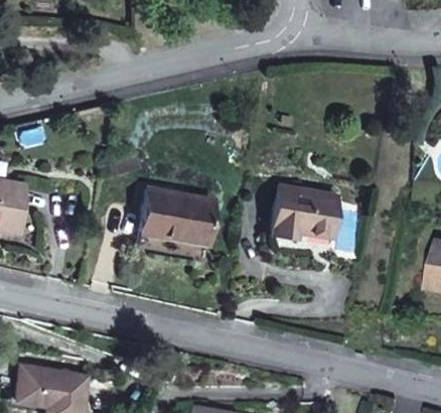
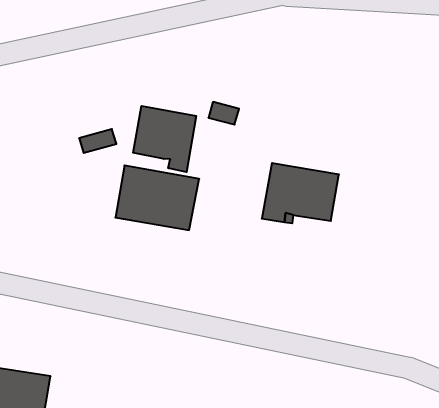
building: none -> [133,106,196,172]

